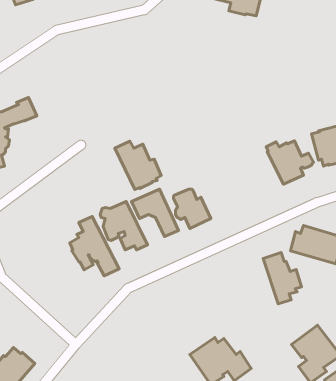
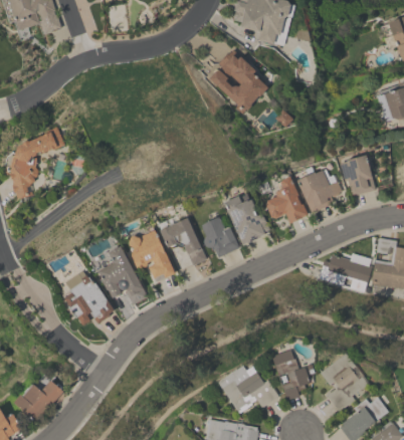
building: none -> [209,49,268,114]
building: [115,141,161,190] -> [223,196,269,244]
building: none -> [265,176,308,223]
building: none -> [64,276,116,324]
building: [263,252,301,304] -> [272,350,311,401]

